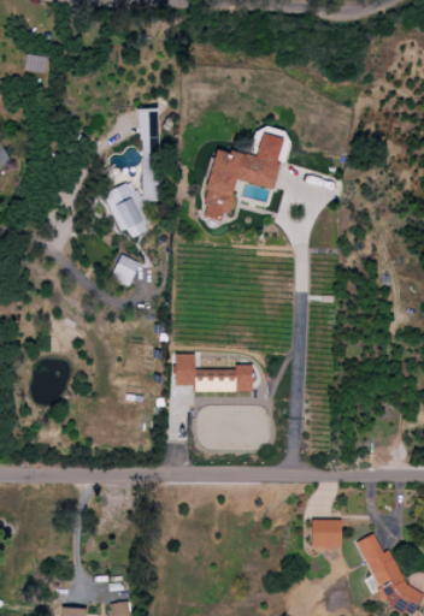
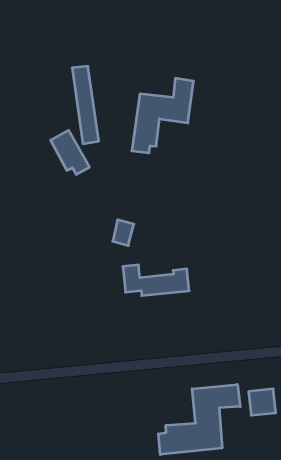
building: [111,254,139,286] -> [113,220,134,246]
building: none -> [158,384,240,455]

